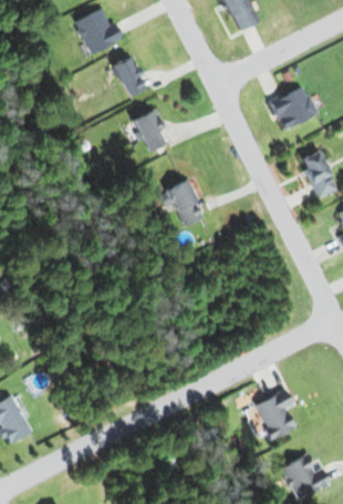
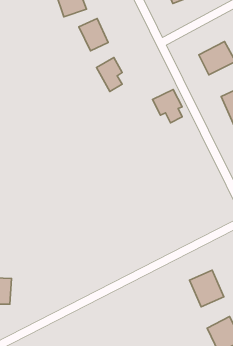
building: [159,179,199,224] -> [152,89,182,123]

